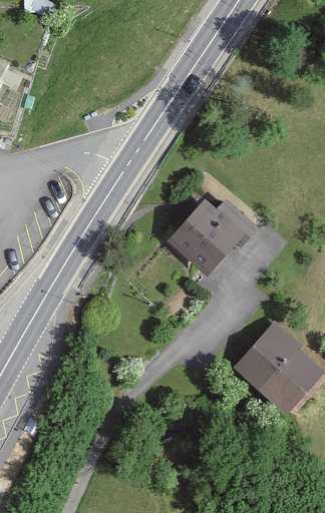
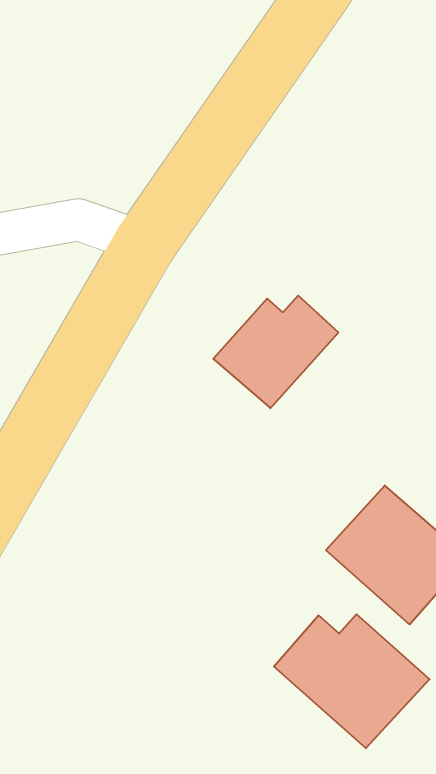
building: none -> [274,614,430,748]

